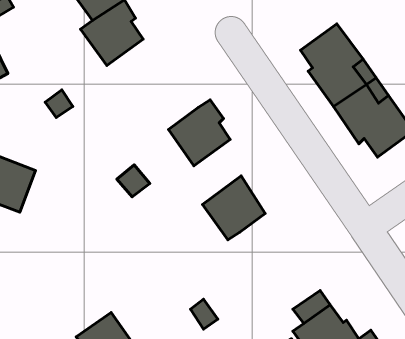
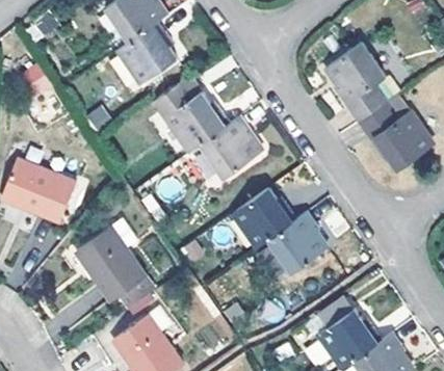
building: none -> [154,77,229,153]
building: none -> [268,212,328,274]
building: none -> [76,219,155,311]

